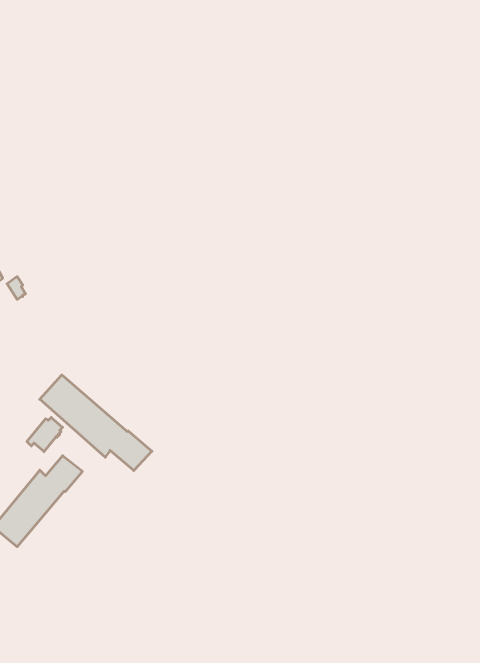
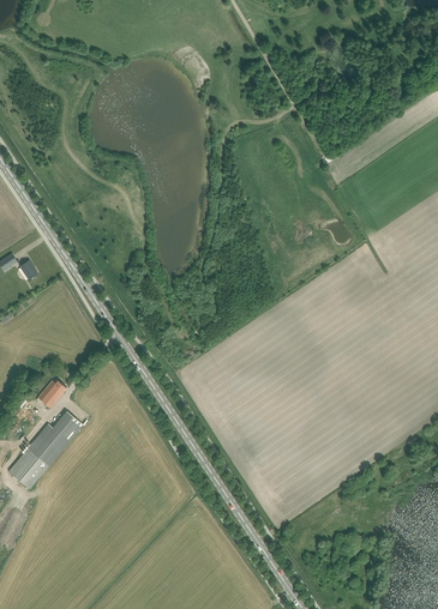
building: [40,375,152,471] -> none

